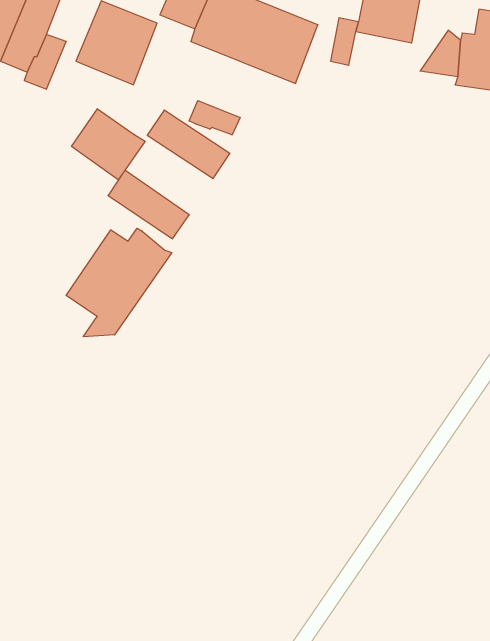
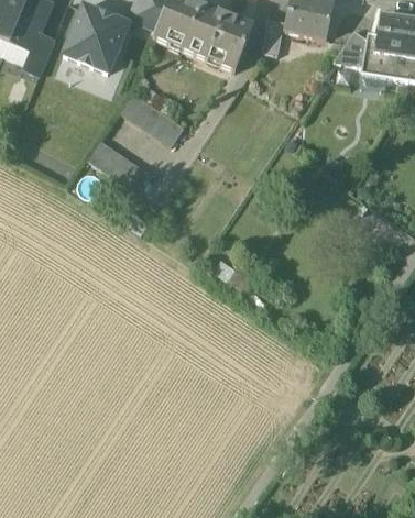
building: [189,101,240,135] -> none
building: [72,109,145,180] -> none
building: [66,228,172,337] -> none

